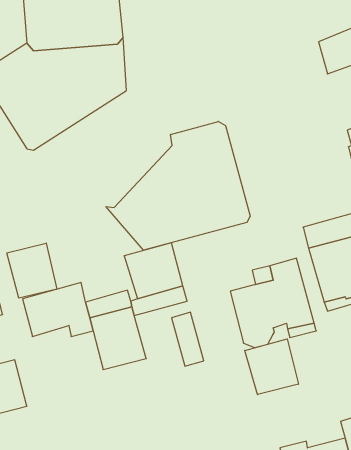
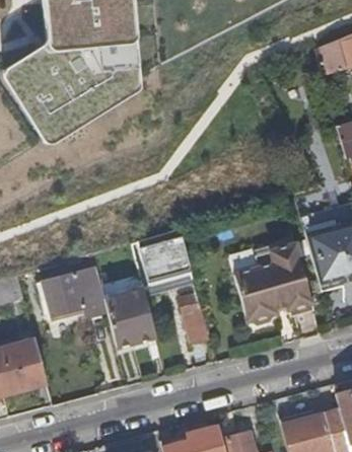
building: [106,121,250,250] -> none
building: [7,243,57,298] -> none
building: [245,339,298,395] -> none

